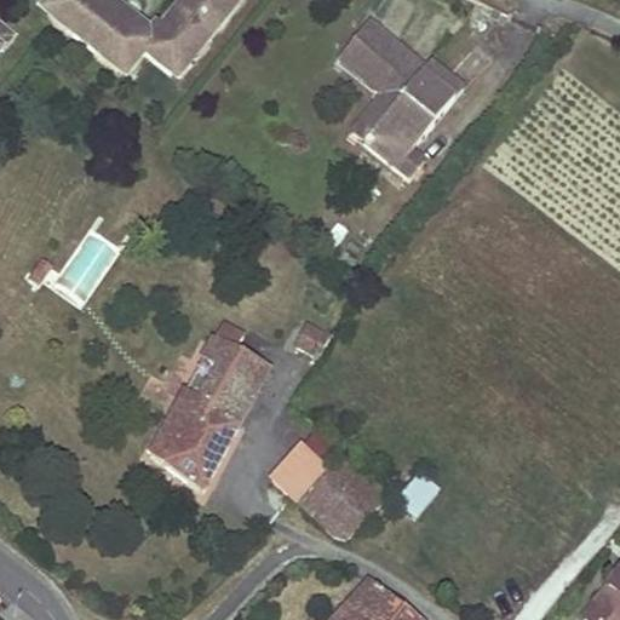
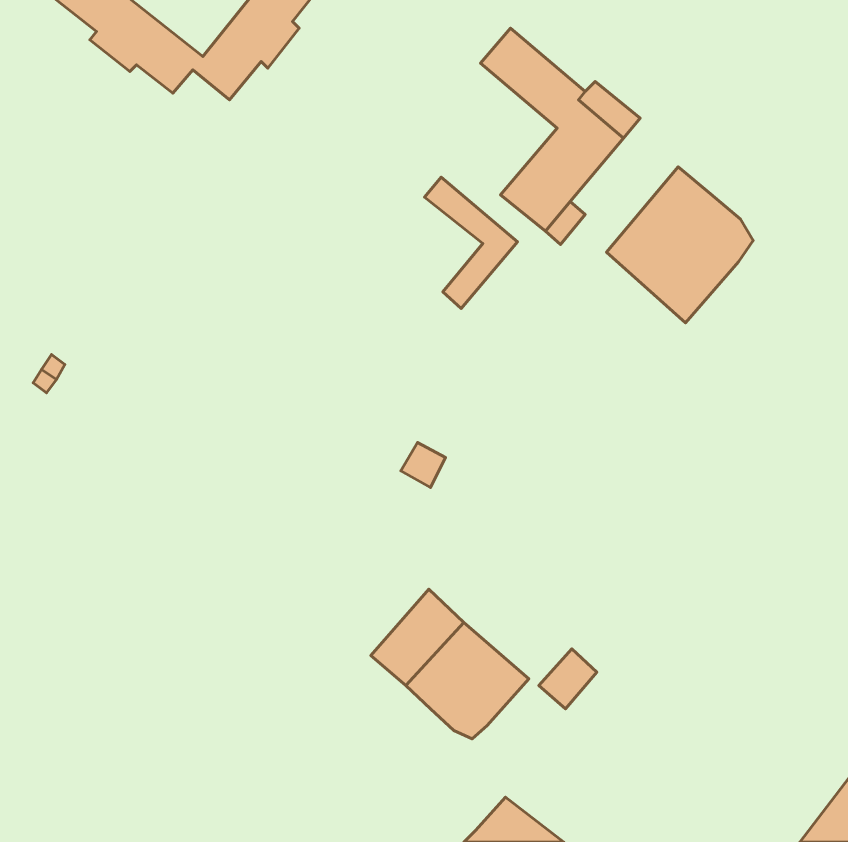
building: [339,46,407,142] -> [425,177,518,308]
building: none -> [606,167,753,323]
building: [148,322,266,492] -> none

